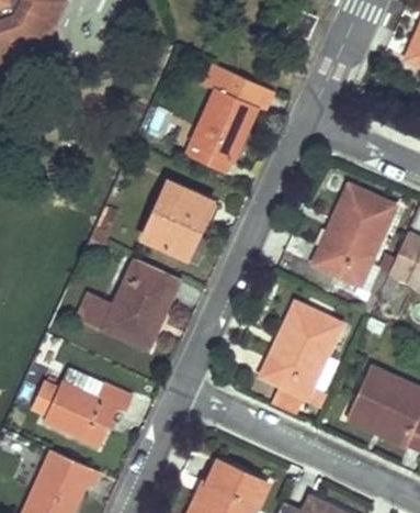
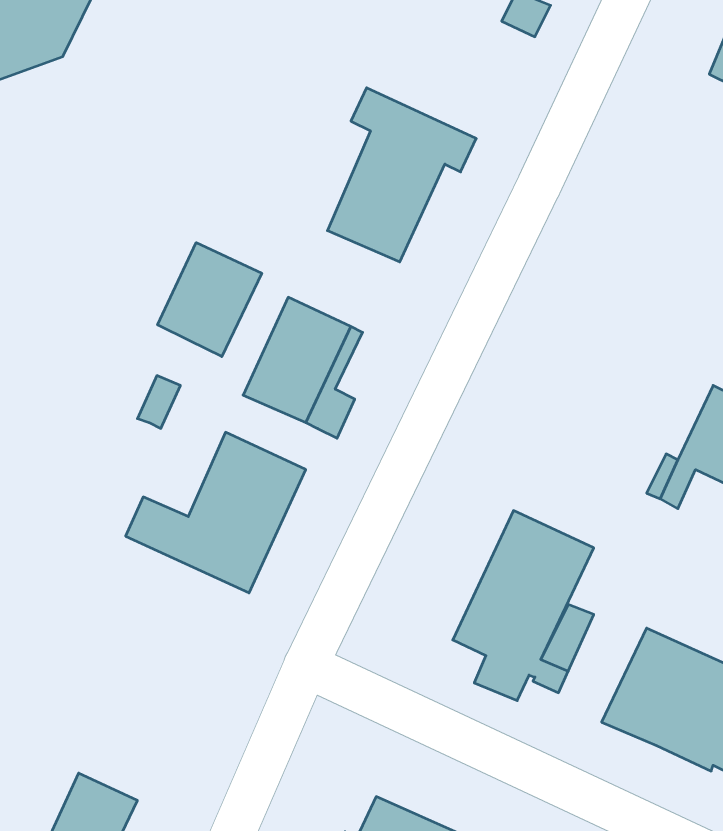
building: none -> [158,243,262,357]
building: [313,186,393,286] -> none
building: [32,367,132,445] -> none

